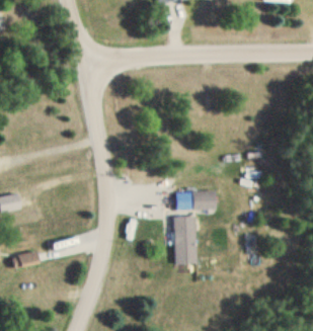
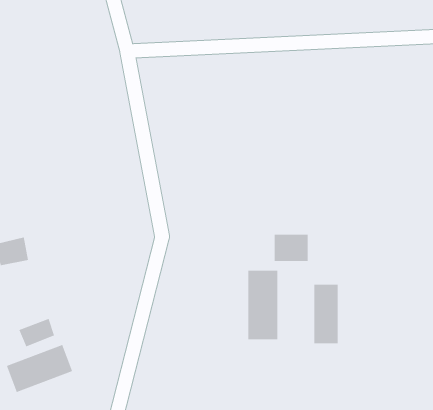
building: none -> [314,284,338,344]
building: none -> [6,344,73,393]

